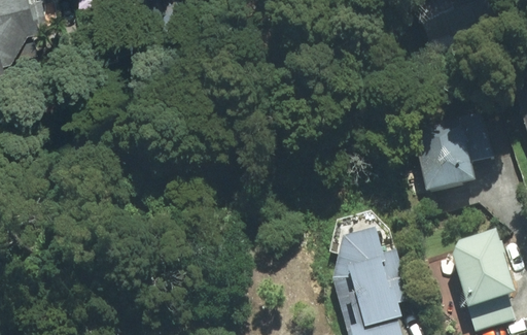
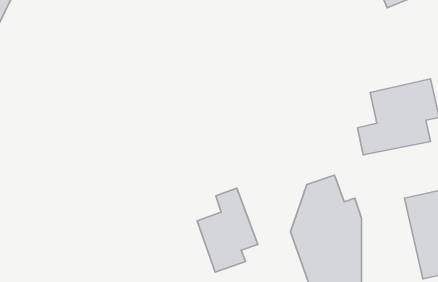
building: none -> [197,188,258,272]

